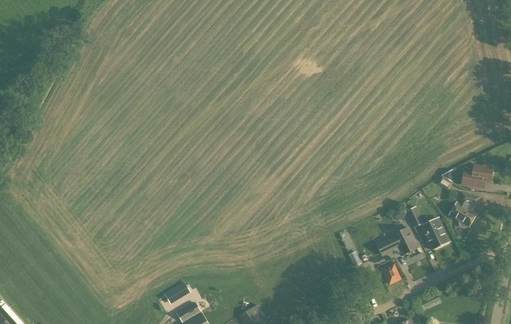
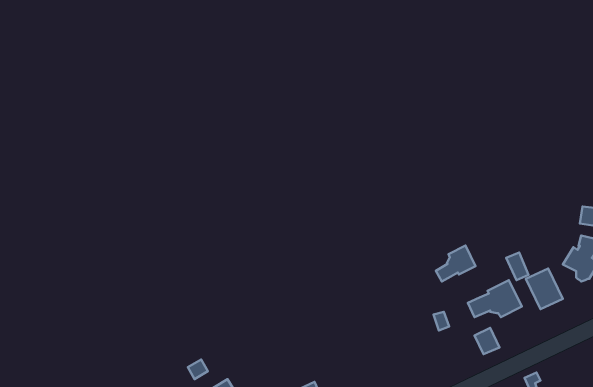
building: none -> [436,246,476,282]

